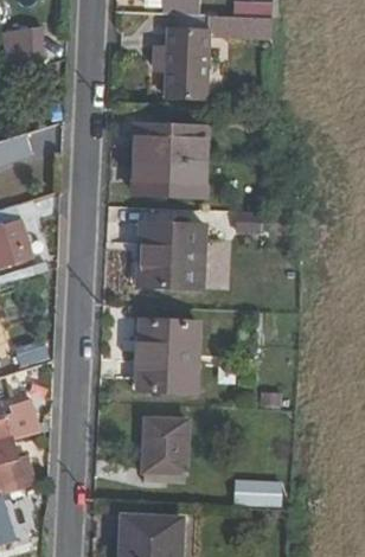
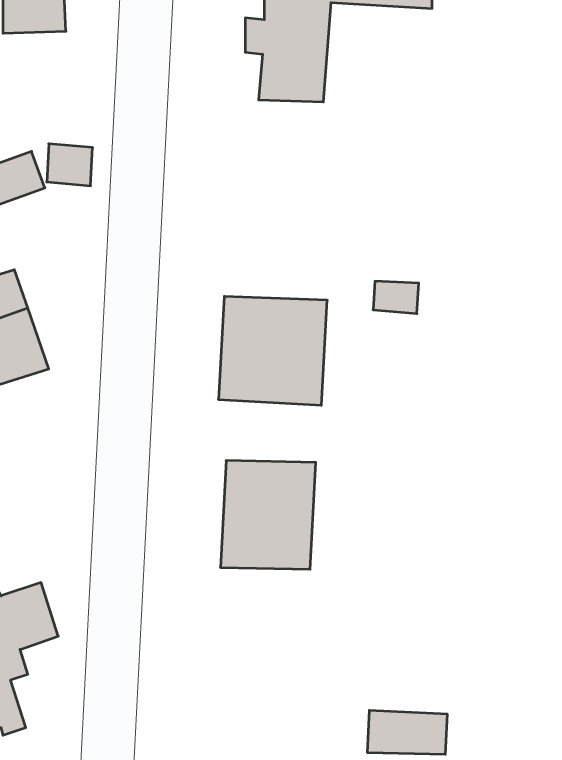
building: [134,123,209,196] -> none
building: [143,420,190,476] -> none

